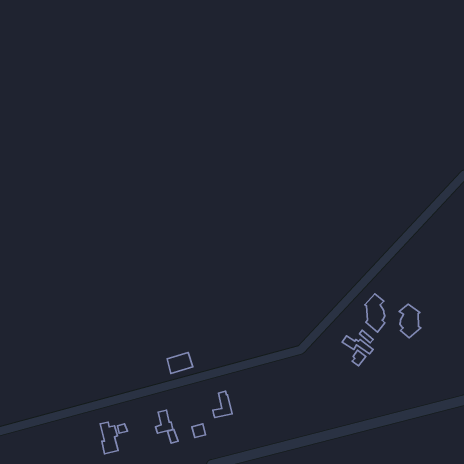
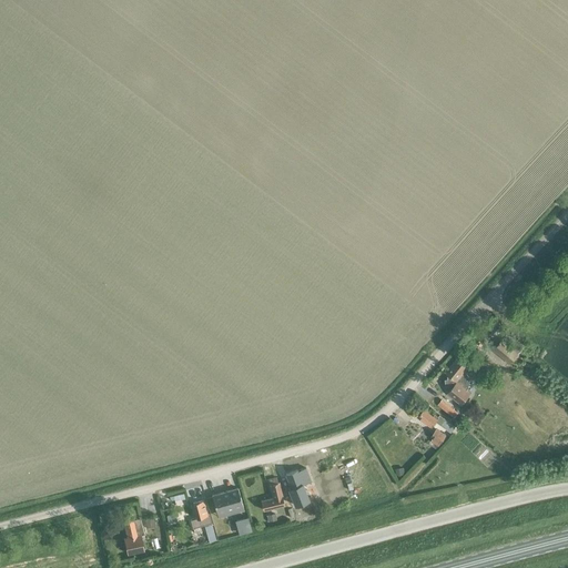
building: [399,304,421,338] -> none
building: [167,352,193,373] -> [211,488,242,514]
building: none -> [284,469,310,506]

